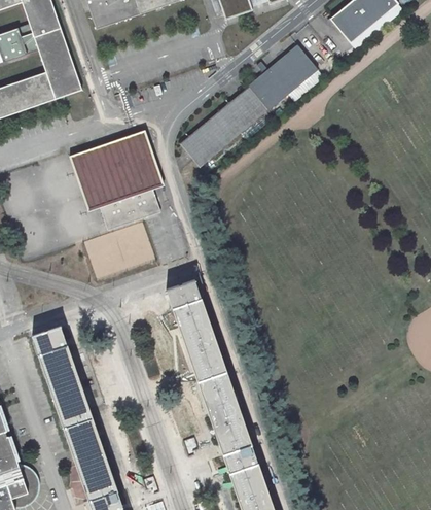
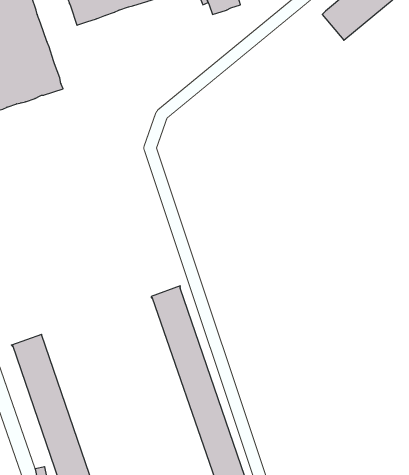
building: [180,46,317,168] -> none
building: [69,130,164,230] -> none

